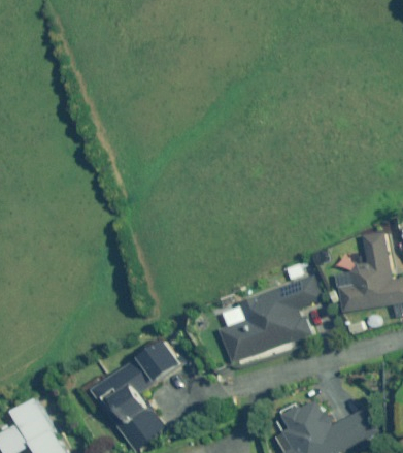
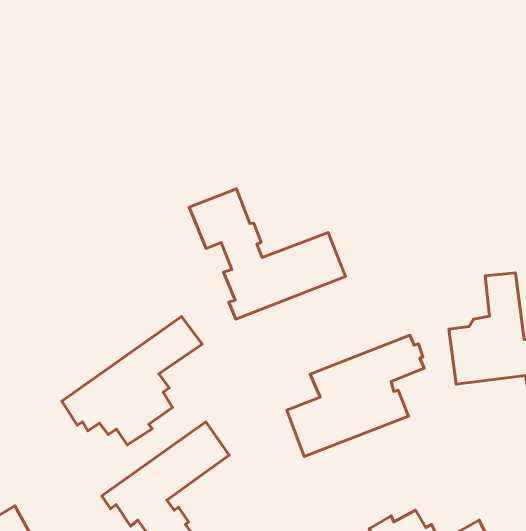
building: none -> [189,189,346,319]
building: none -> [62,316,202,445]

